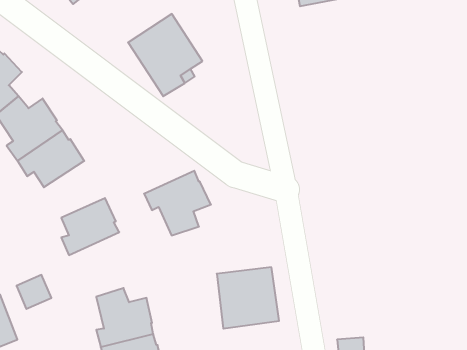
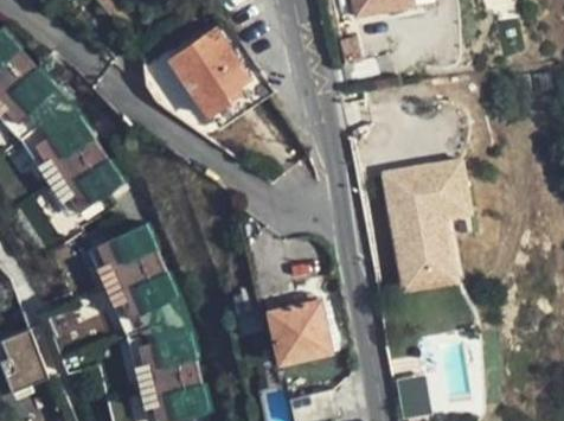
building: none -> [382,164,467,293]
building: [144,171,211,235] -> [103,262,175,332]

